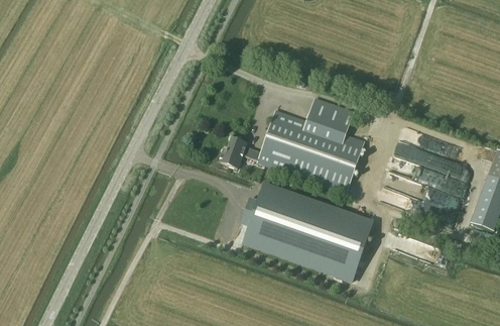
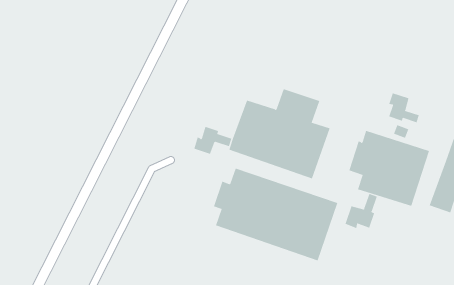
building: none -> [388,93,420,123]
building: none -> [345,193,377,229]

